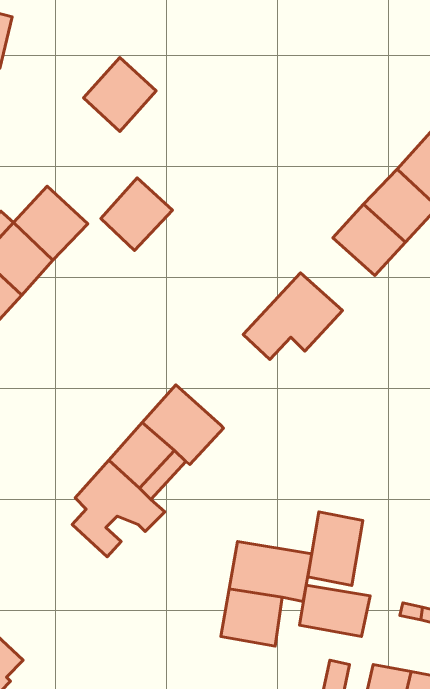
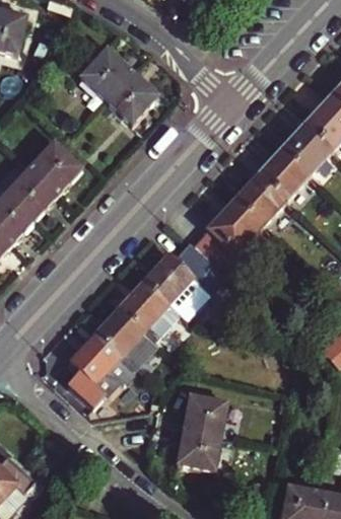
building: [101,178,172,251] -> [103,69,154,122]
building: none -> [233,175,287,228]
building: none -> [143,253,222,323]
building: [308,512,363,585] -> none
building: [299,585,370,637] -> none

